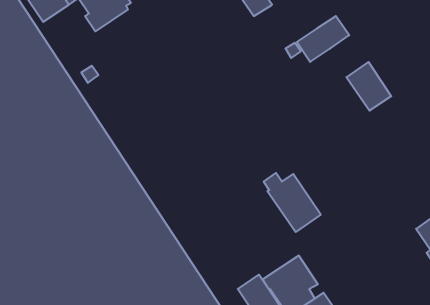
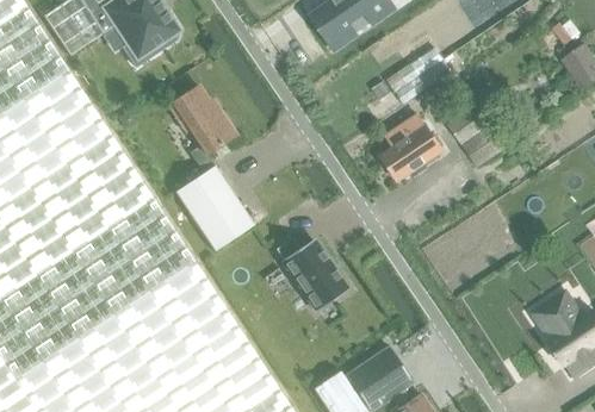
building: none -> [168,85,253,251]
building: none -> [380,112,444,180]
building: [264,173,321,232] -> [275,237,347,311]

